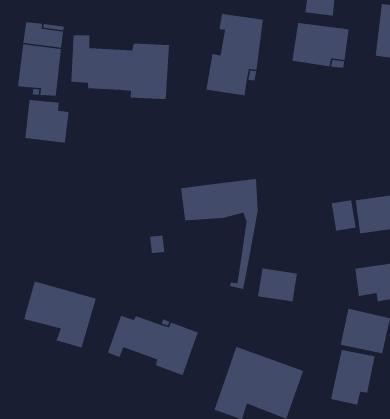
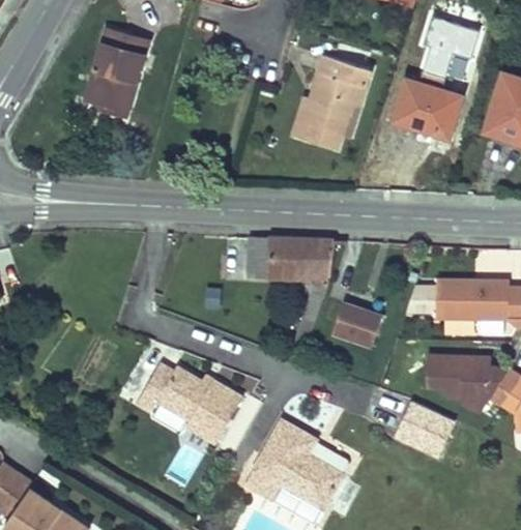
building: [70,35,170,100] -> none
building: [25,99,69,144] -> none
building: [257,268,298,302] -> [335,303,383,347]
building: [23,281,97,348] -> none
building: [330,349,375,406] -> none

